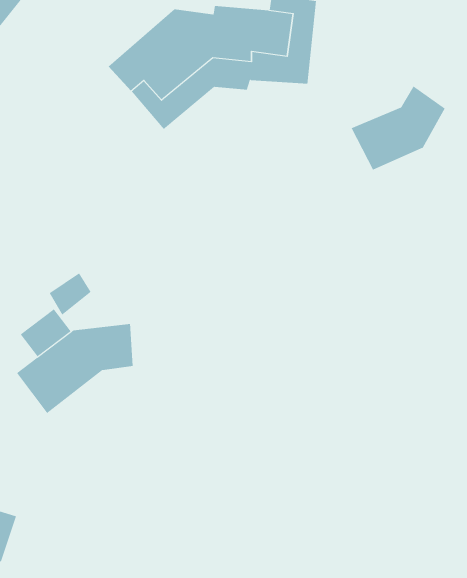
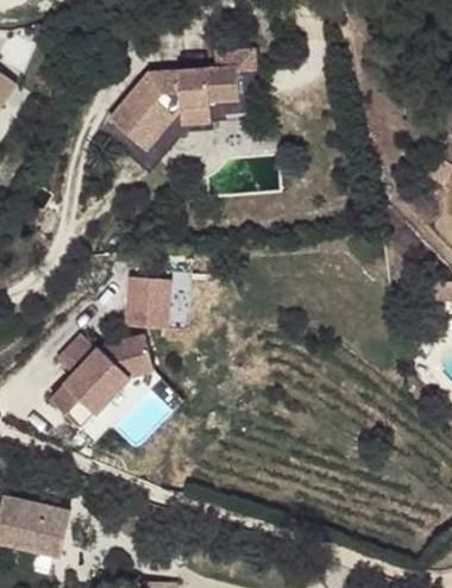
building: [351,86,445,170] -> none
building: none -> [126,274,171,324]

